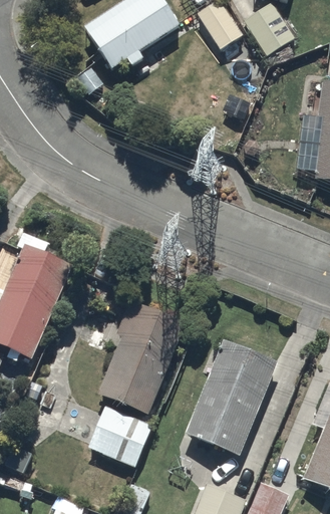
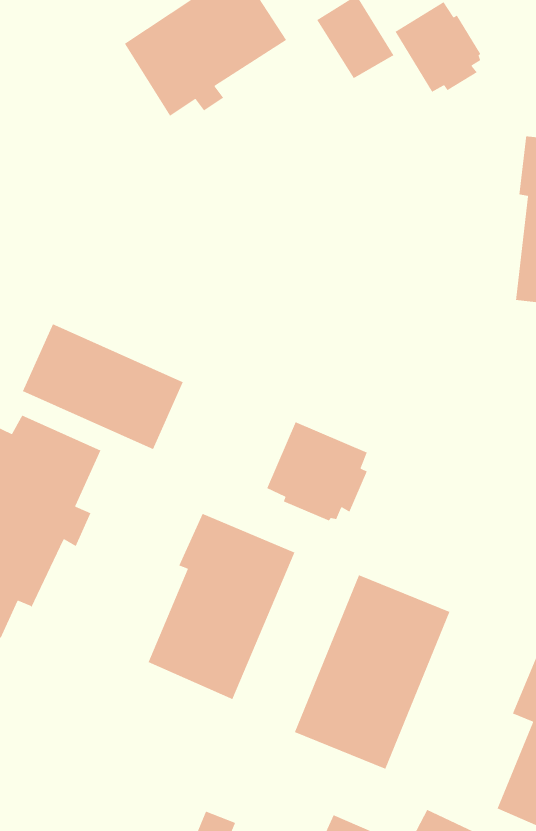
building: none -> [22,323,184,450]
building: none -> [266,421,368,521]
building: [87,405,152,466] -> none

